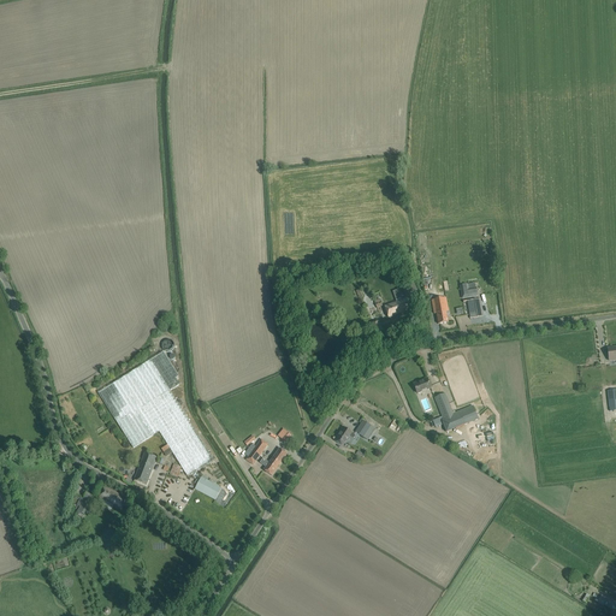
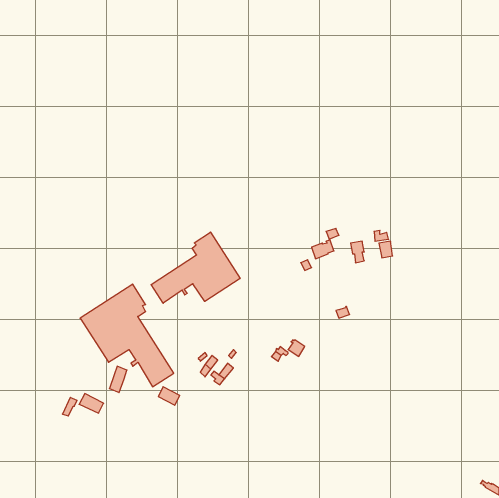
building: none -> [151,232,240,303]
building: [434,392,479,432] -> none

